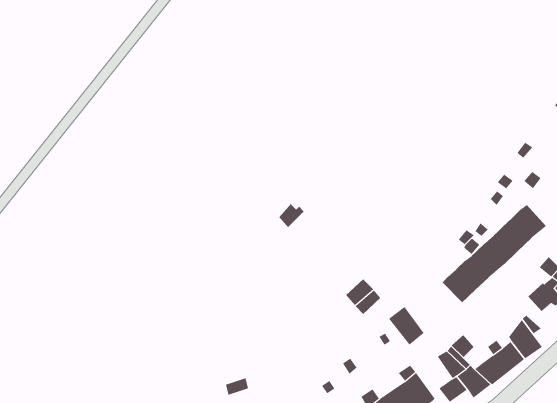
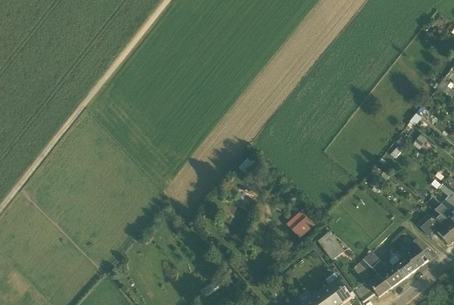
building: [442,204,547,303] -> none

